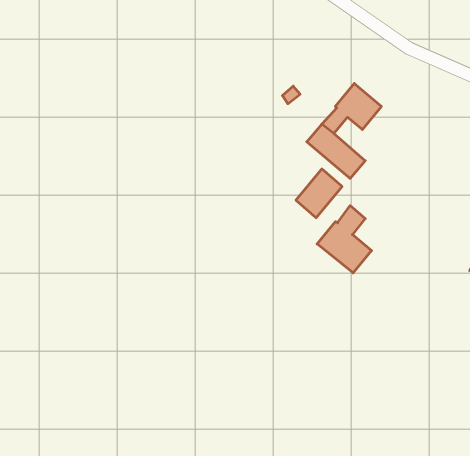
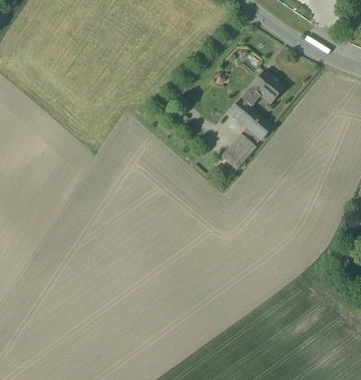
building: [317,206,372,273] -> none

